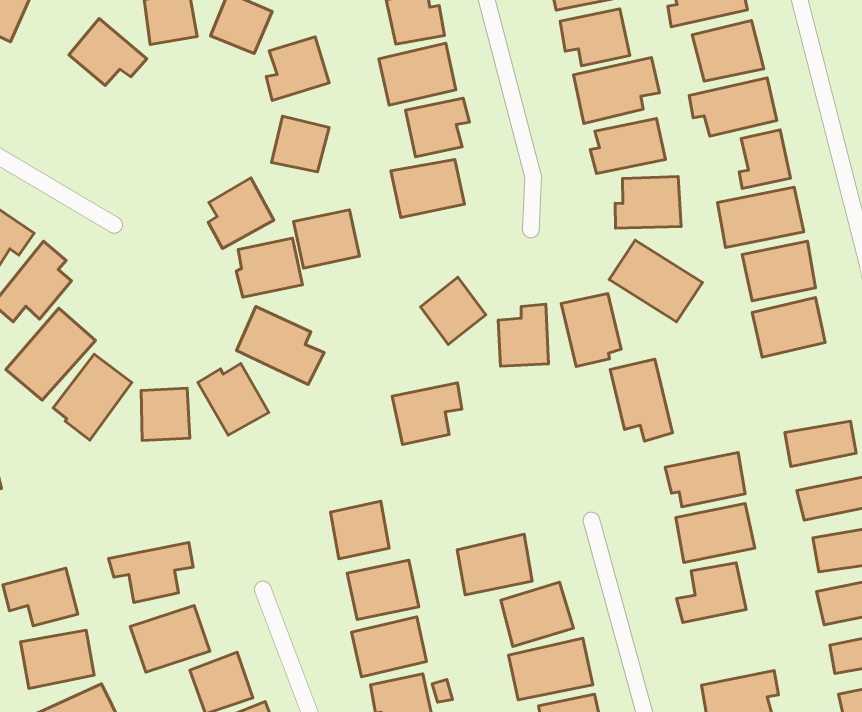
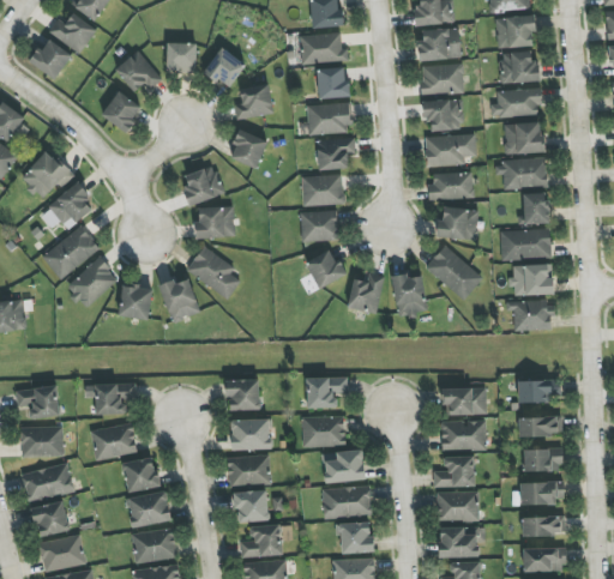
building: none -> [101,91,142,132]
building: [294,210,360,268] -> [300,210,337,241]
building: [610,359,673,441] -> none
building: [392,383,462,445] -> [305,376,347,409]
building: none -> [435,491,477,520]

